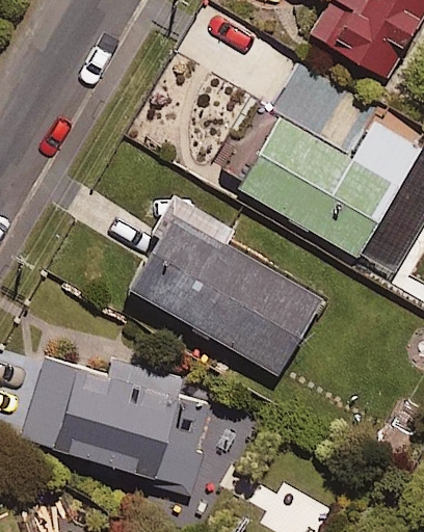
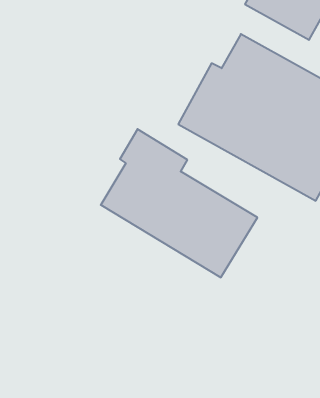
building: [22,358,213,504] -> none

